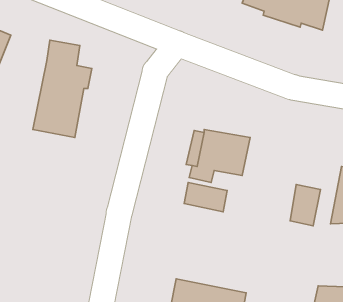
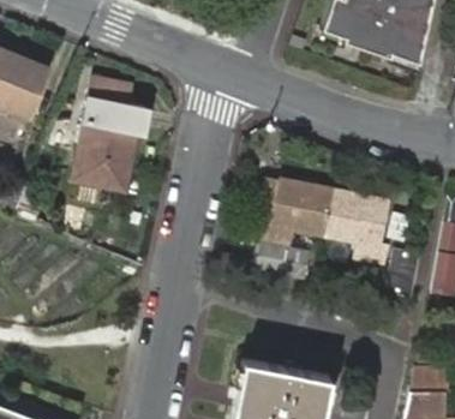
building: none -> [324,192,387,264]

